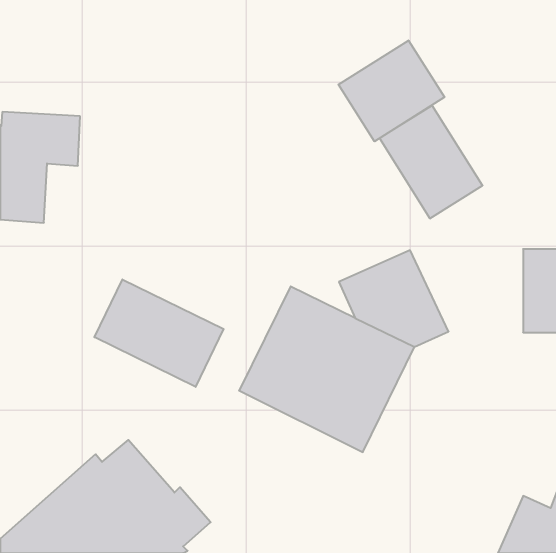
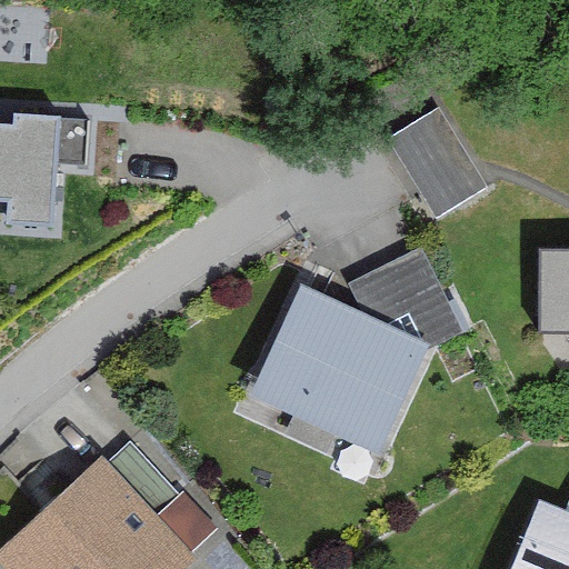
building: [338,40,444,141] -> none
building: [94,279,224,387] -> none

